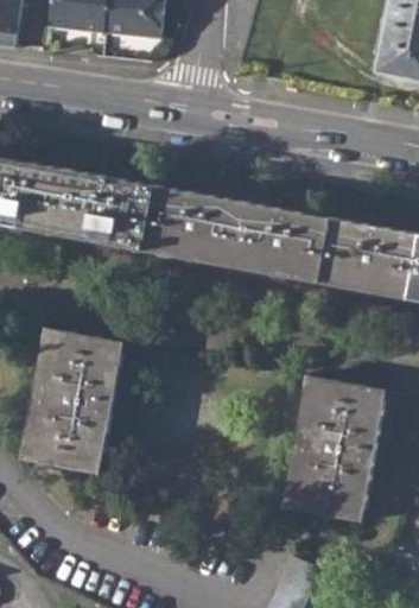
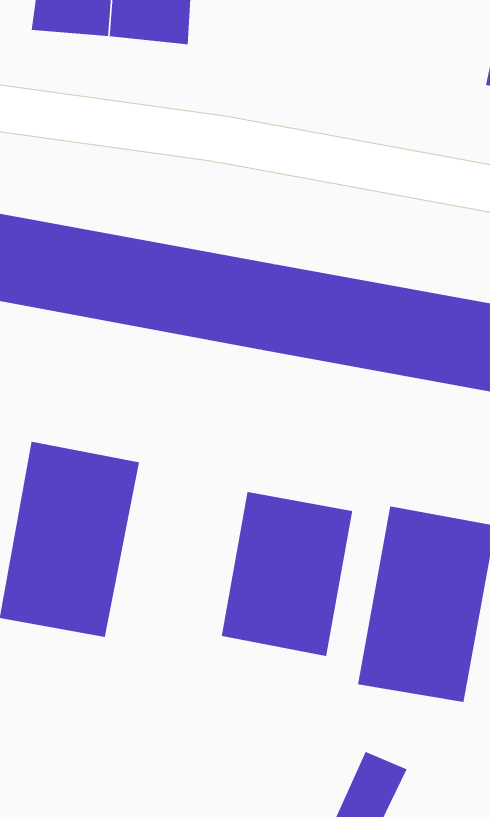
building: none -> [221,491,353,657]

